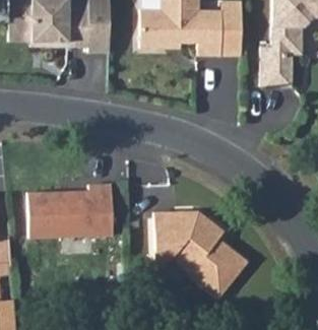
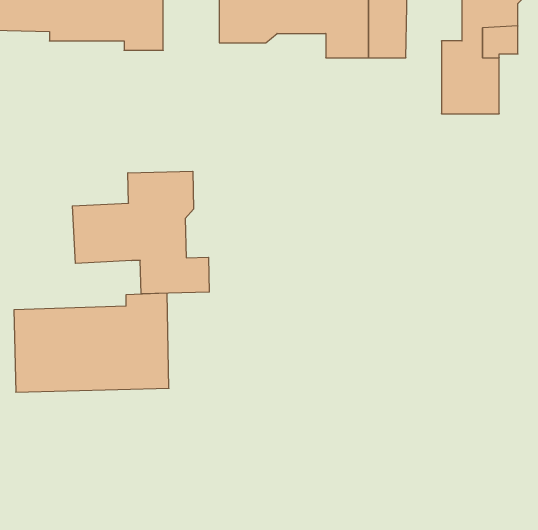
building: none -> [72,171,209,294]
building: [153,212,246,295] -> none

